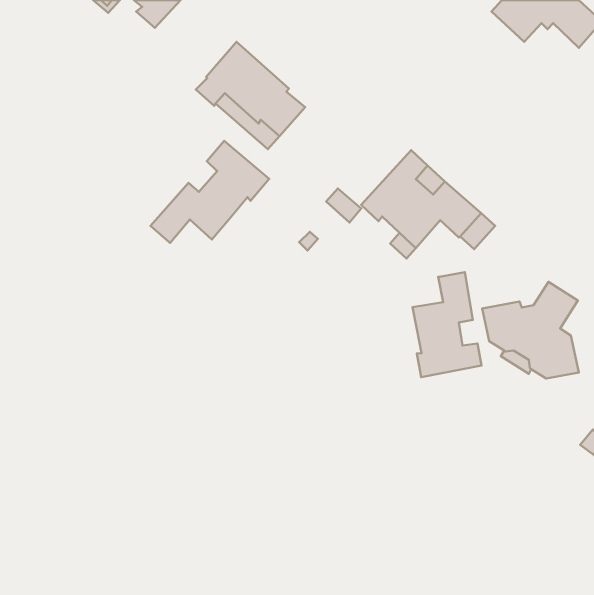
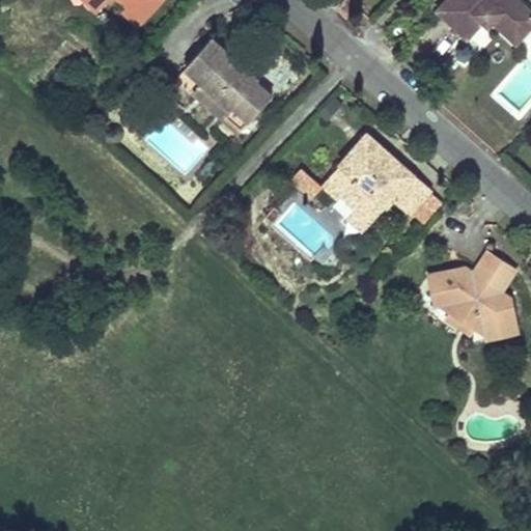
building: [150,141,269,243] -> none
building: [413,272,482,377] -> none

